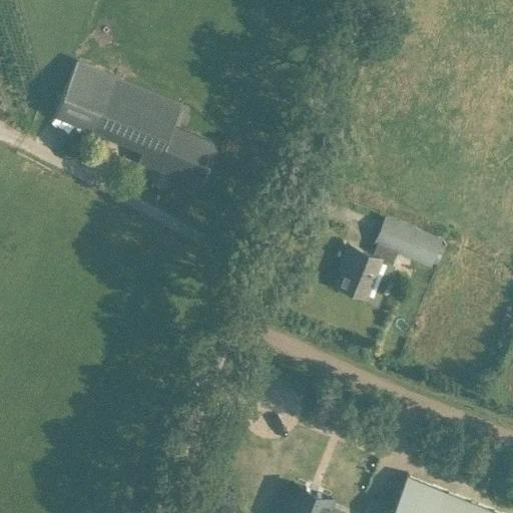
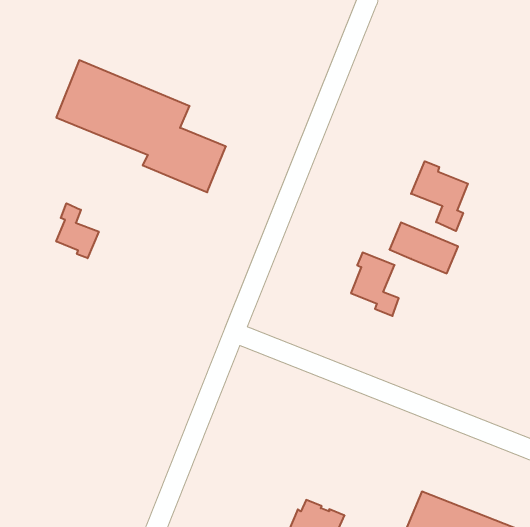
building: none -> [411,161,468,231]
building: none -> [56,203,99,258]

